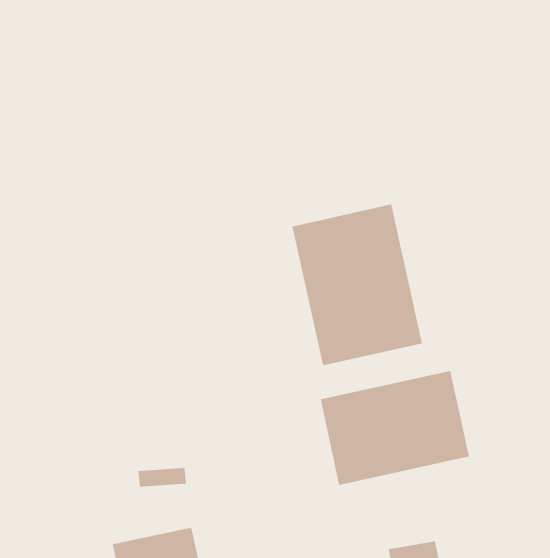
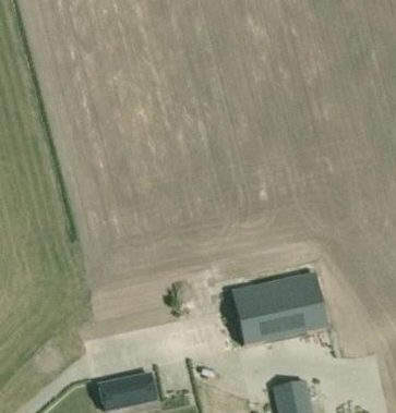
building: [291,203,423,366] -> none

